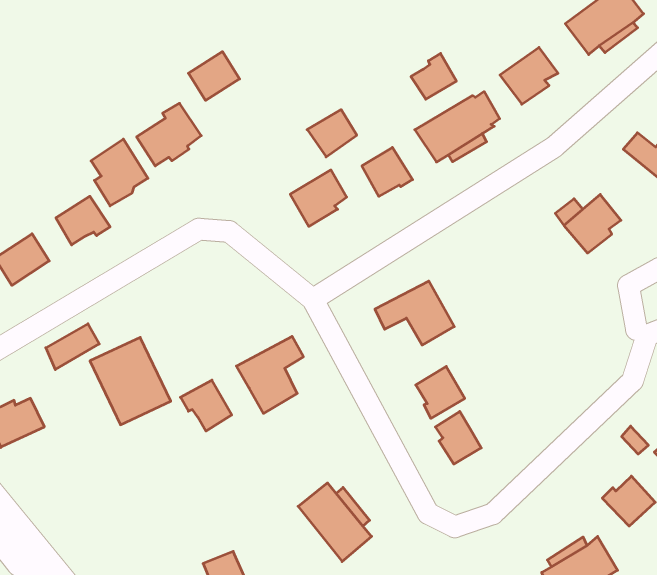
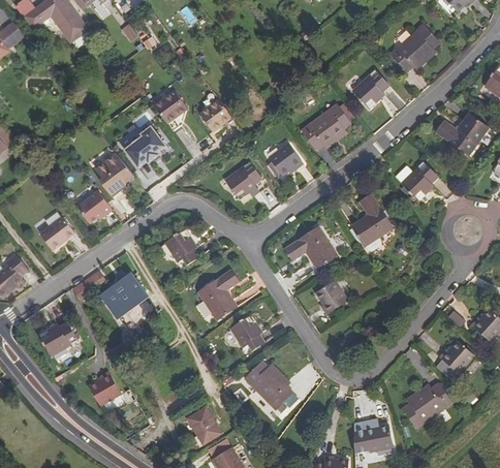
building: [411,53,456,99] -> none
building: [307,110,357,157] -> [199,98,231,129]
building: none -> [348,193,390,245]
building: none -> [166,228,199,267]
building: [180,380,232,431] -> none
building: none -> [231,314,265,351]
building: [435,411,481,464] -> none
building: none -> [91,370,123,404]

